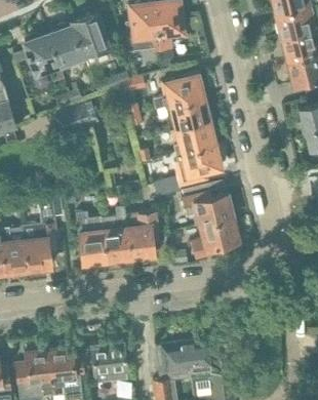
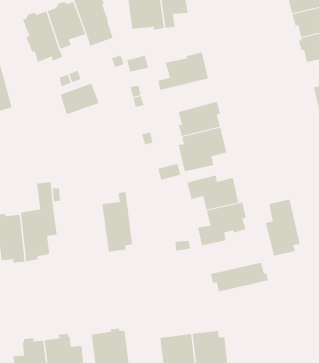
building: [165,99,211,131] -> none
building: [76,213,107,267] -> none
building: [125,213,158,258] -> none
building: none -> [265,199,300,256]
building: none -> [210,261,269,292]

